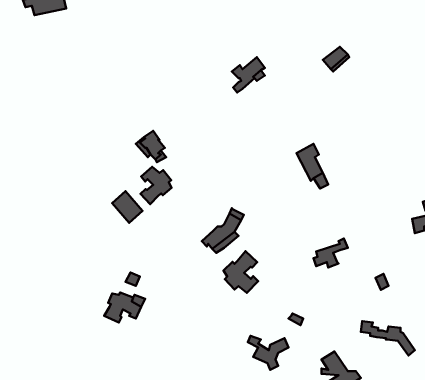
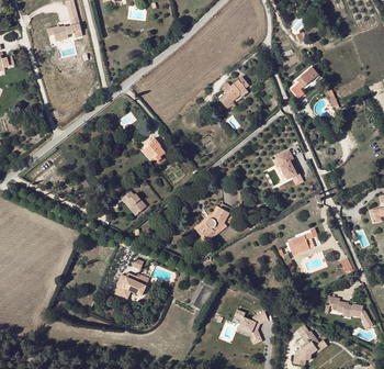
building: [141,167,171,204] -> none
building: [224,251,258,293] -> none

